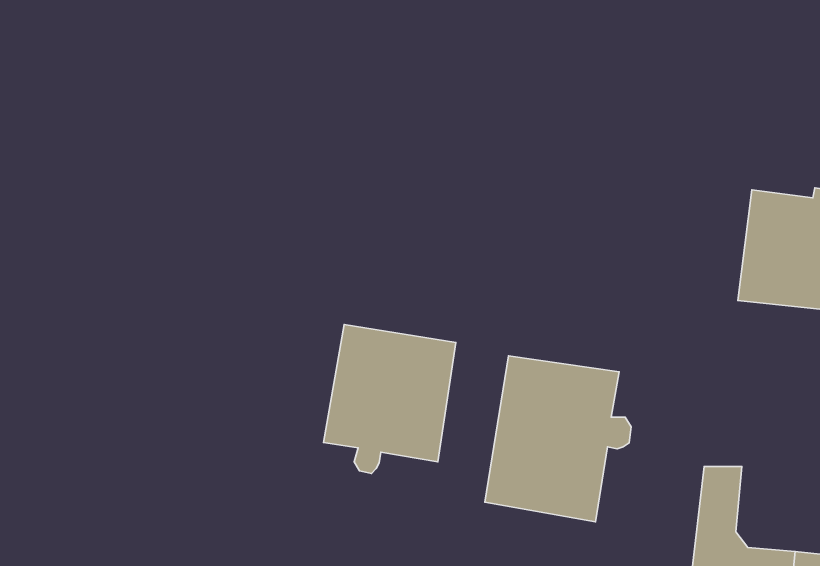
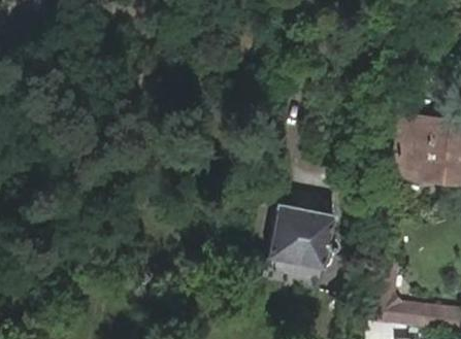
building: [323,325,456,473] -> none

